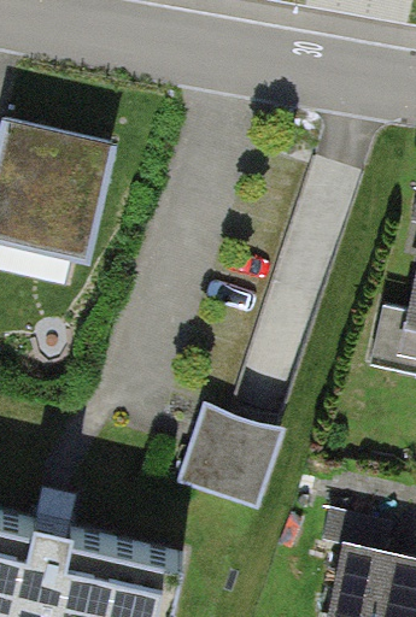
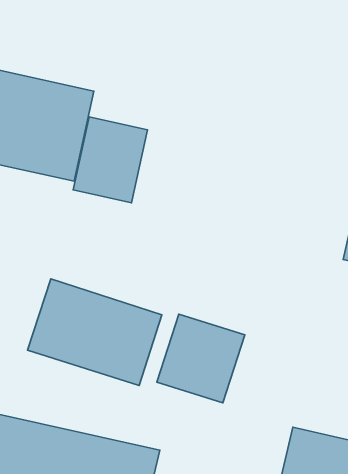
building: none -> [73,117,148,203]
building: none -> [28,279,162,385]

